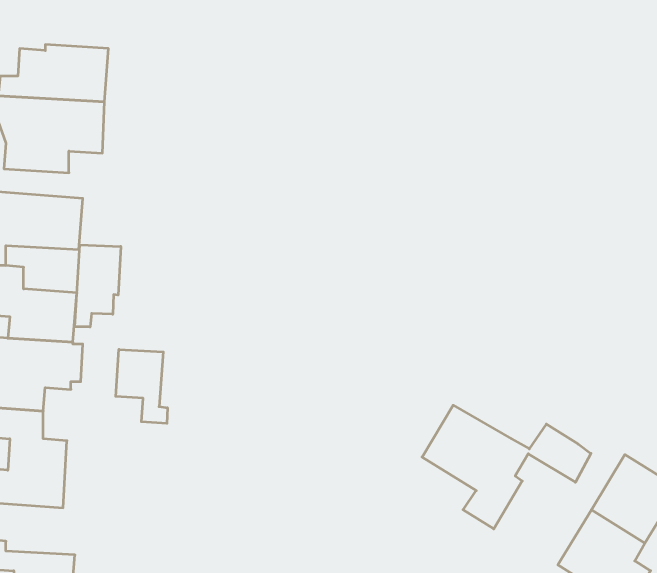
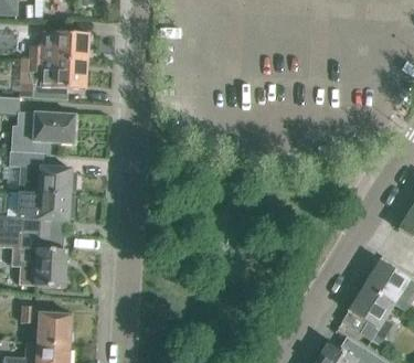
building: [75,245,121,327] -> none
building: [116,349,167,423] -> none
building: [422,405,591,529] -> none

